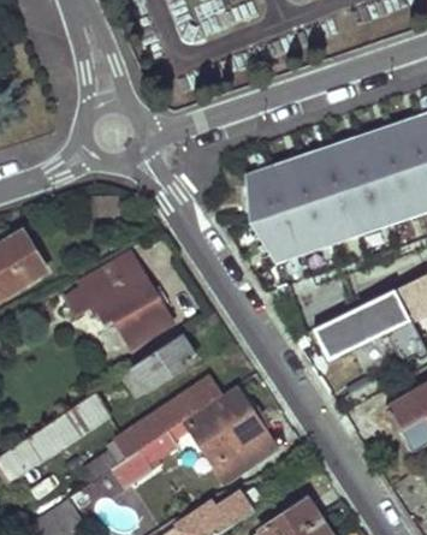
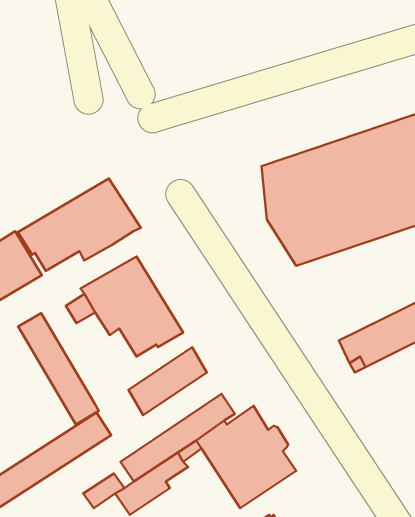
building: none -> [18,178,141,271]
building: none -> [18,313,99,425]

